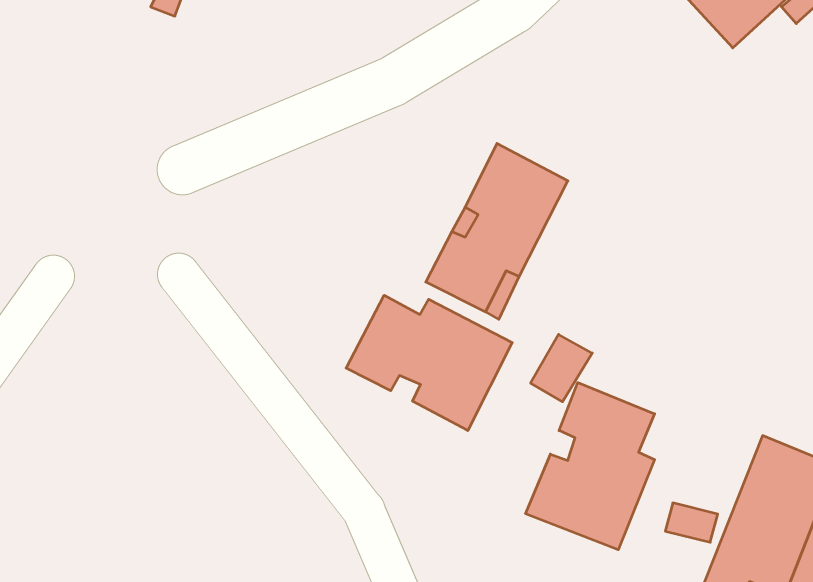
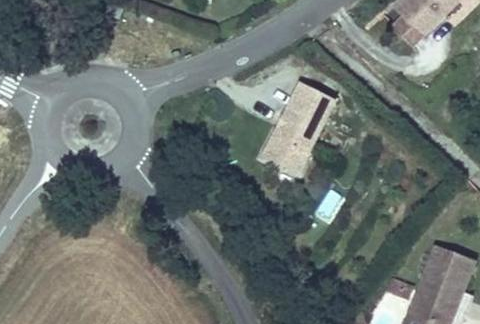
building: [346,295,512,431] -> none
building: [526,383,655,550] -> none

